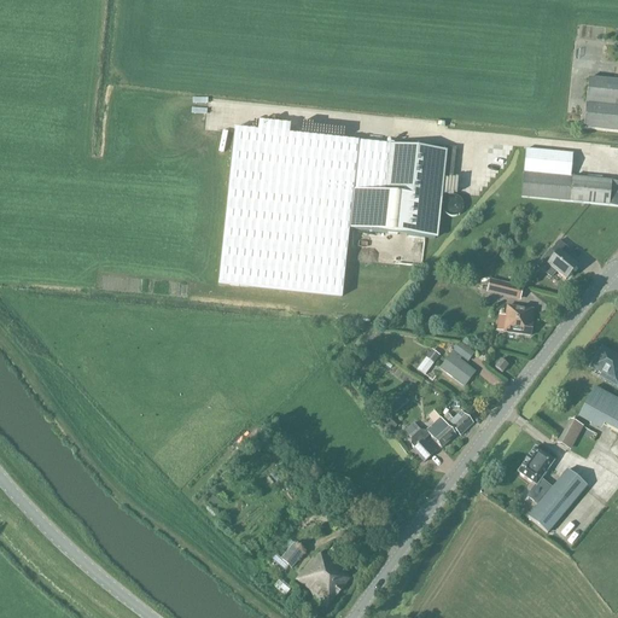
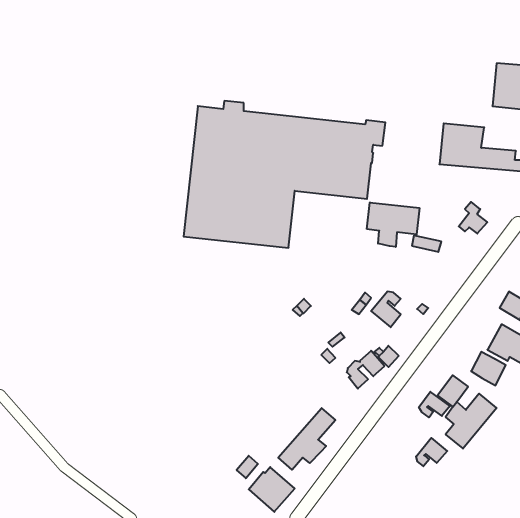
building: none -> [367,202,419,247]
building: [497,303,534,333] -> none
building: none -> [419,392,450,417]
building: none -> [278,408,335,470]
building: none -> [416,438,447,466]

